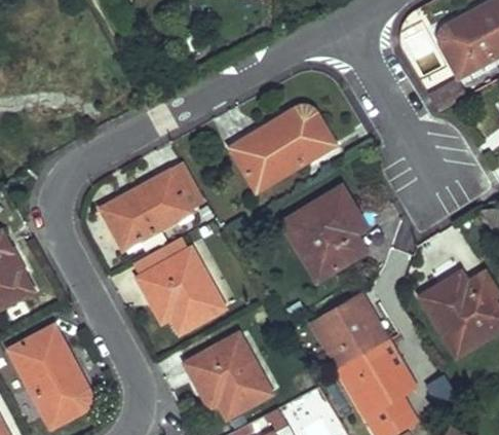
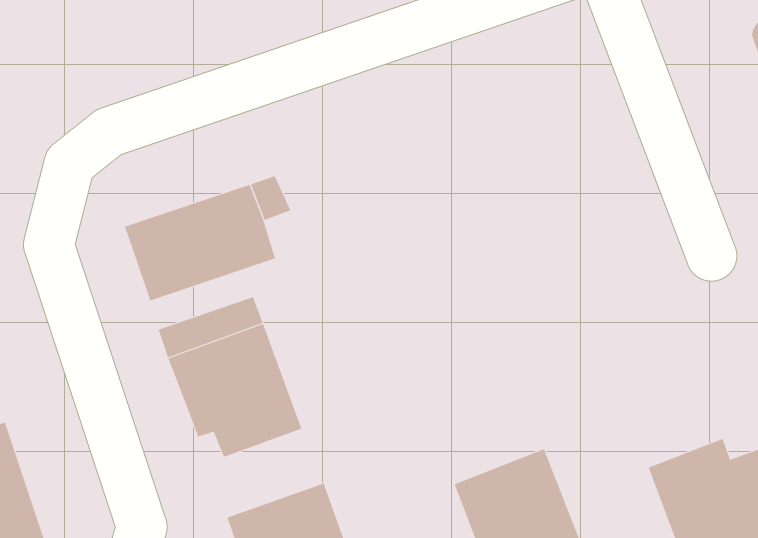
building: [232,107,333,190] -> none
building: [282,188,364,279] -> none

